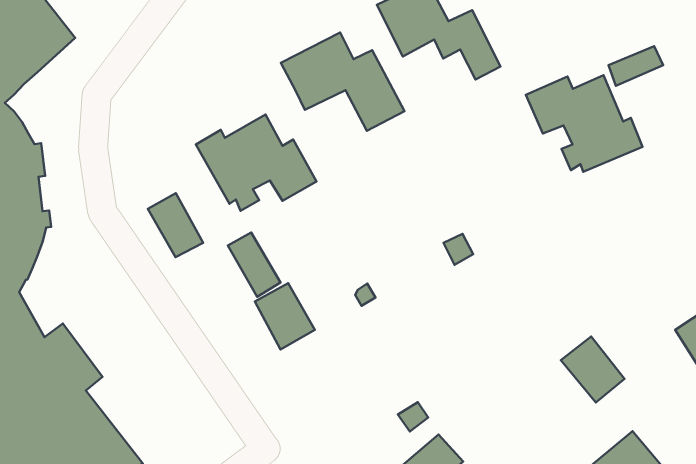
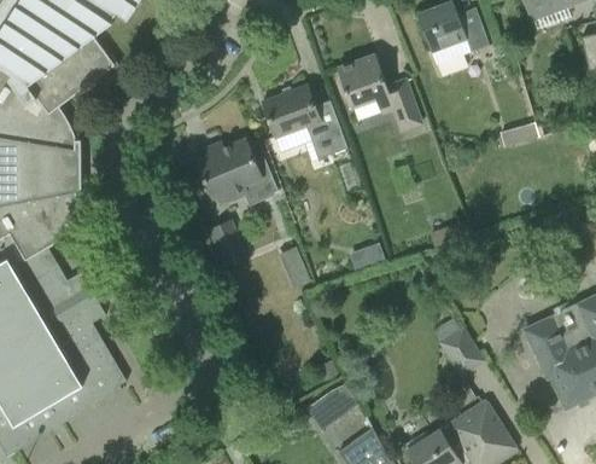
building: [526,75,643,172] -> none
building: [148,193,203,257] -> none
building: [255,283,315,350] -> none

